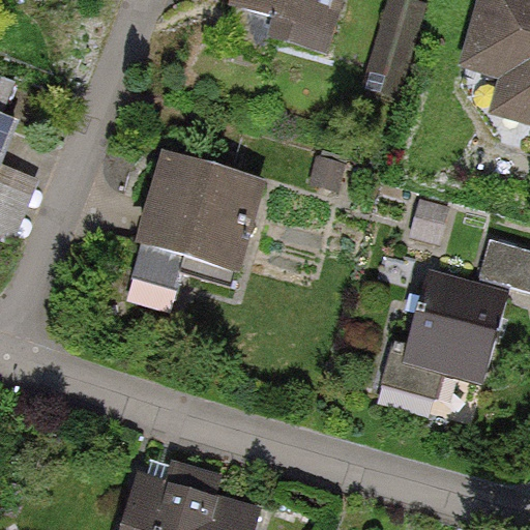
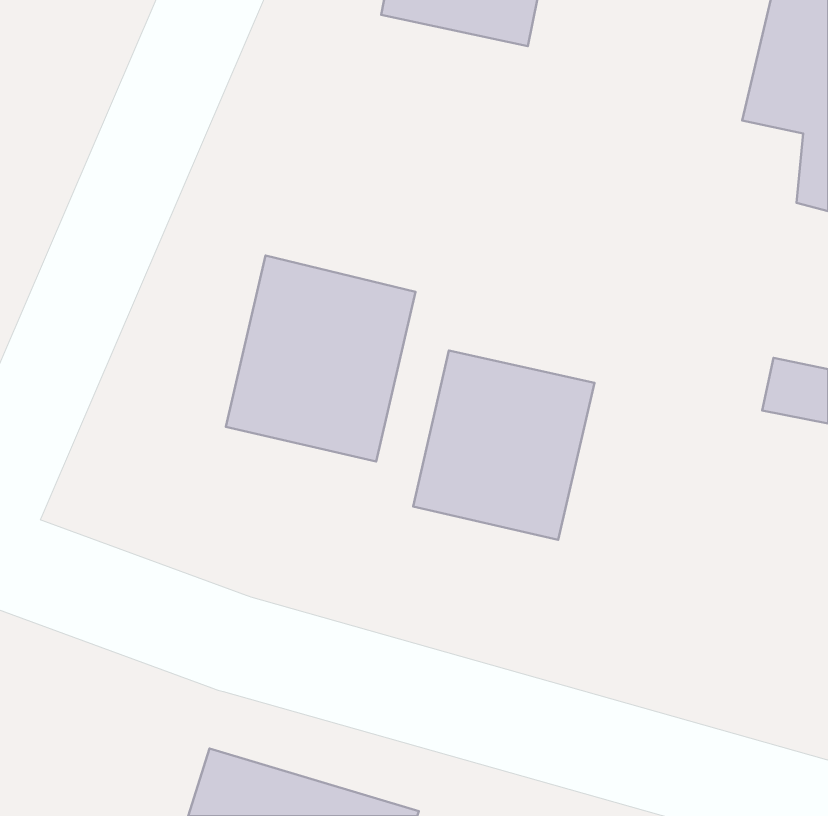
building: none -> [413,351,594,540]
building: [403,271,511,384] -> none

